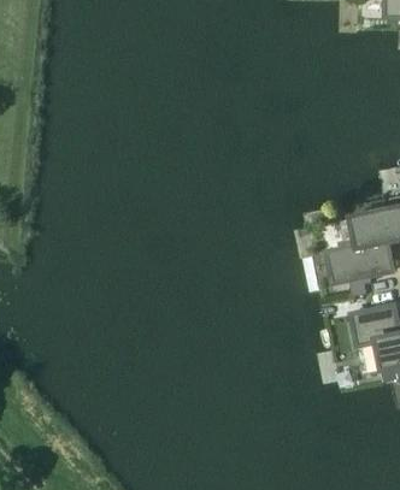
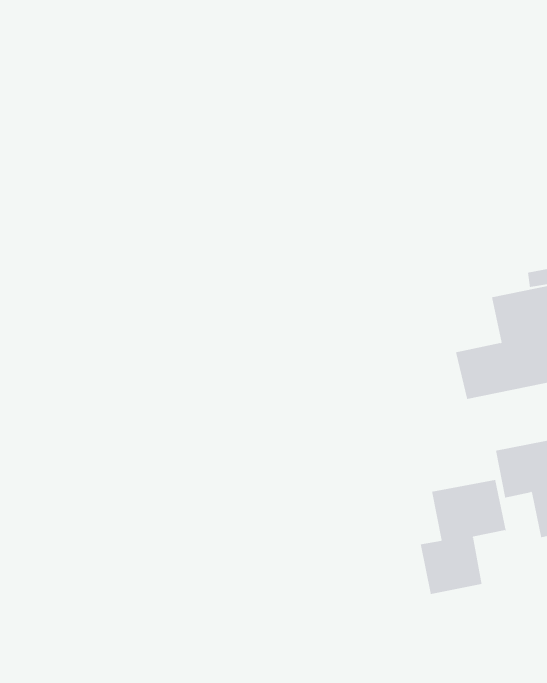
building: none -> [420,479,506,595]

